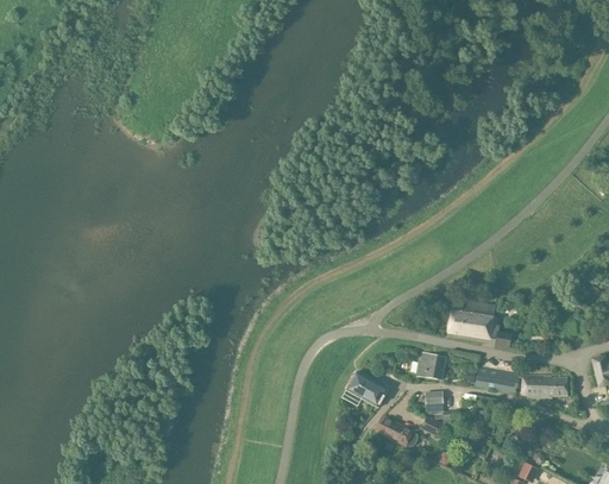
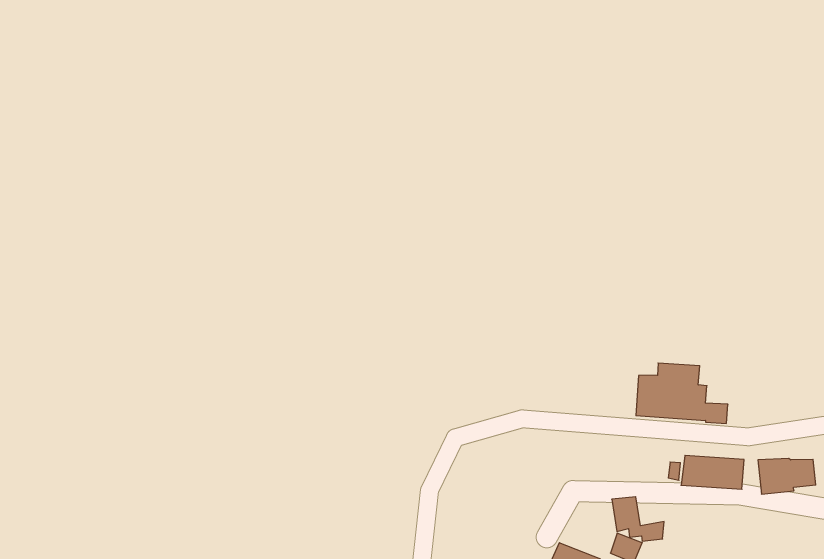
building: [410,352,446,379] -> none
building: [343,371,389,408] -> none

